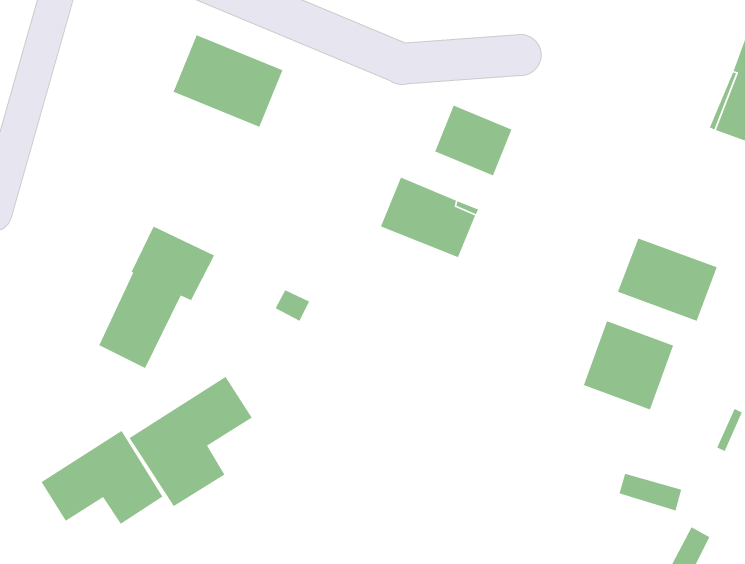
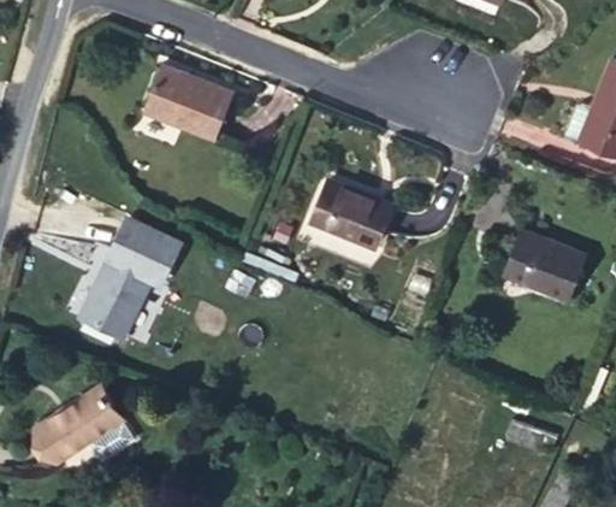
building: [434,105,513,176] -> none
building: [583,320,674,411] -> none
building: [128,376,253,507] -> none

